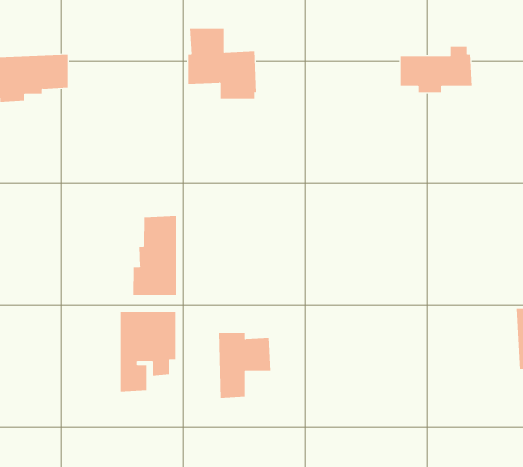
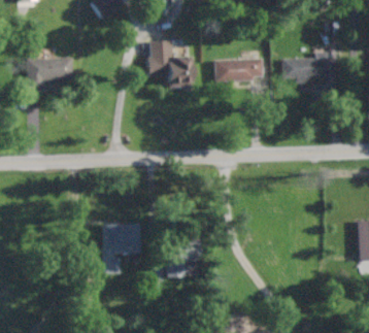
building: none -> [215,59,263,81]
building: [133,215,177,296] -> none

